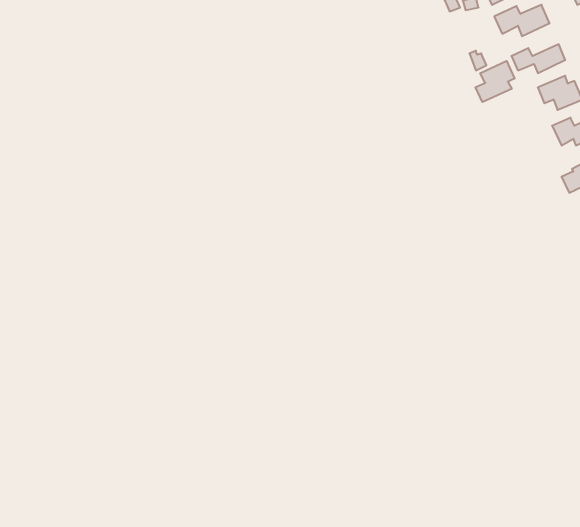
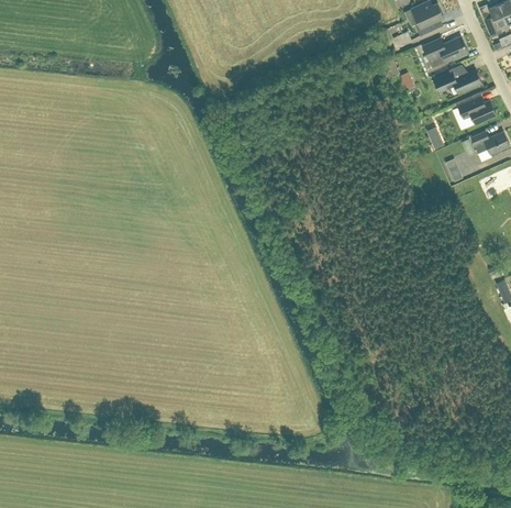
building: [476,61,515,102] -> none

